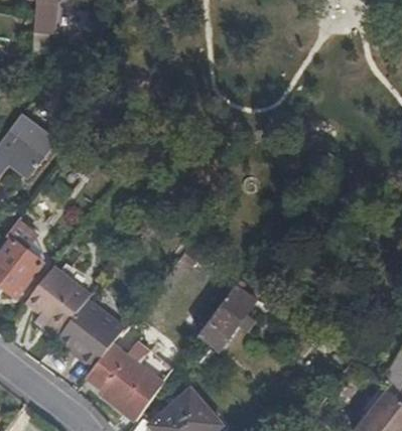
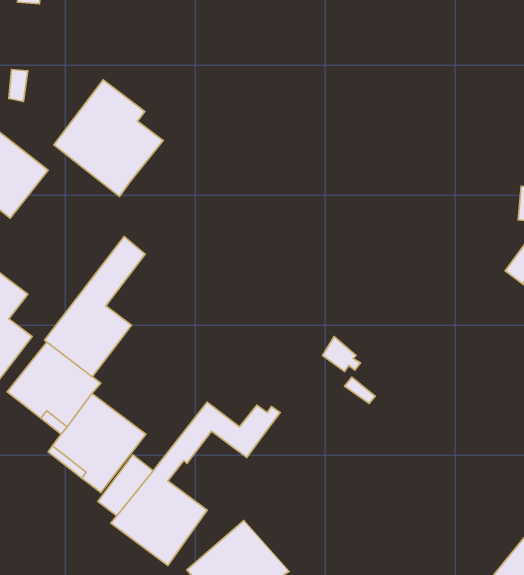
building: none -> [54,80,163,197]
building: none -> [45,237,145,377]
building: [199,281,256,351] -> none

